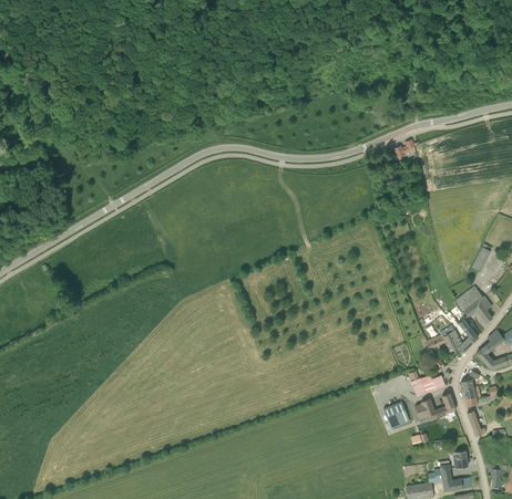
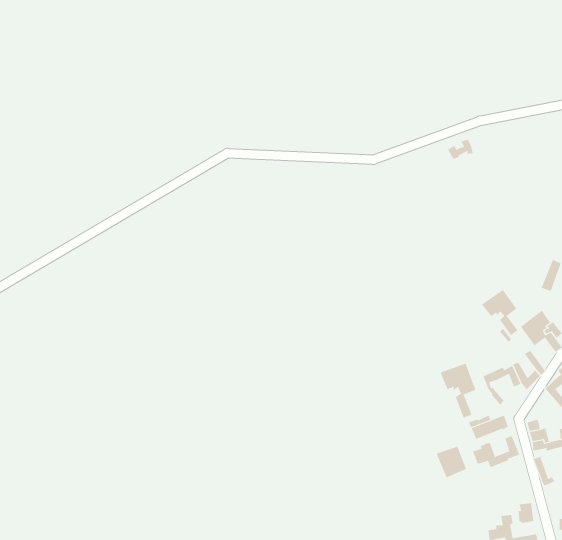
building: none -> [481,289,518,336]
building: none -> [440,363,476,419]

